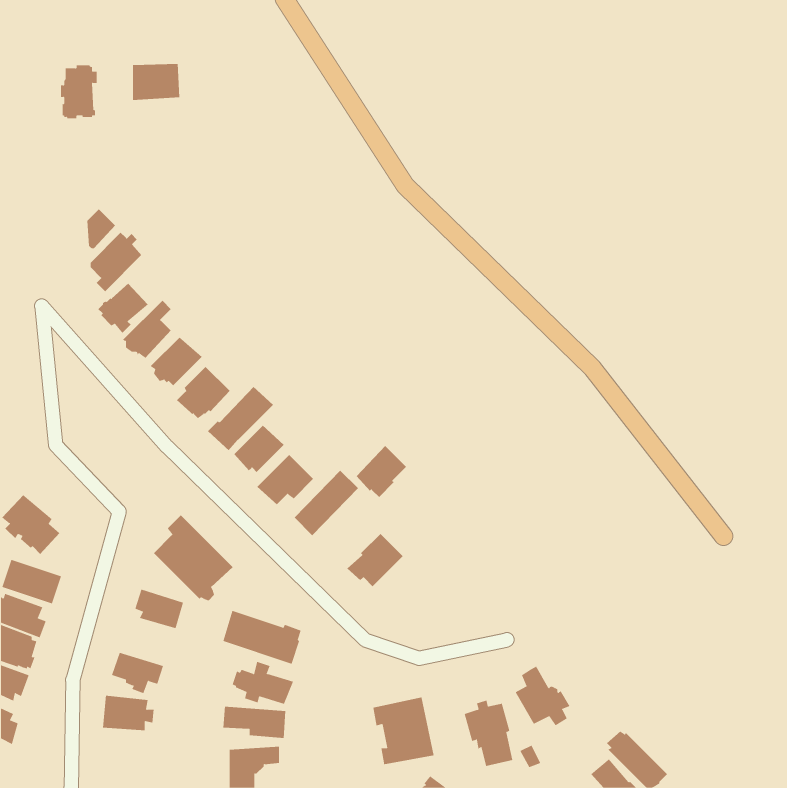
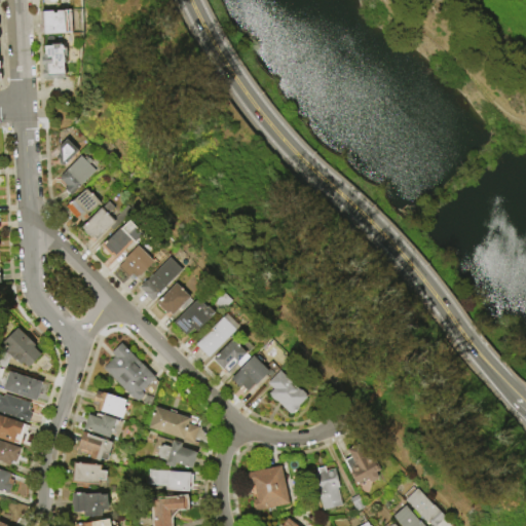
building: [132,63,180,100] -> [41,9,73,34]
building: [356,445,407,498] -> [215,337,249,372]
building: none -> [268,369,308,413]
building: none -> [82,415,115,439]
building: none -> [71,493,107,518]

